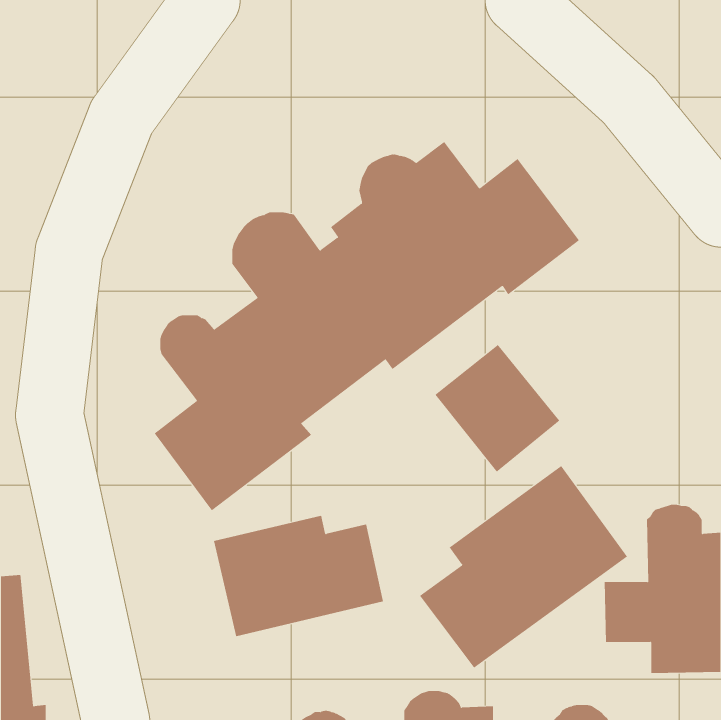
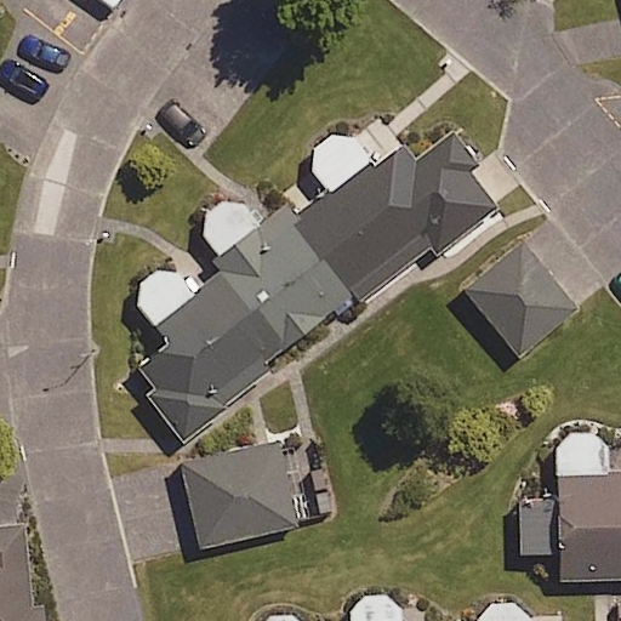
building: [435,344,560,473] -> [466,247,574,358]
building: [419,465,628,668] -> none

